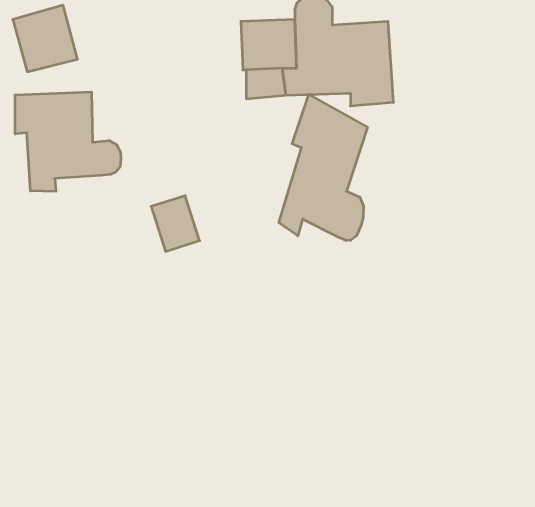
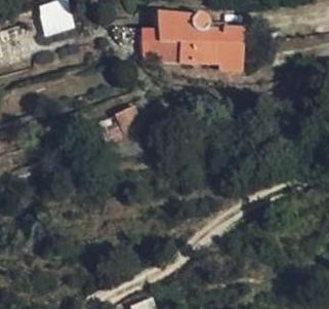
building: [15,92,121,191] -> none
building: [279,94,367,241] -> none

